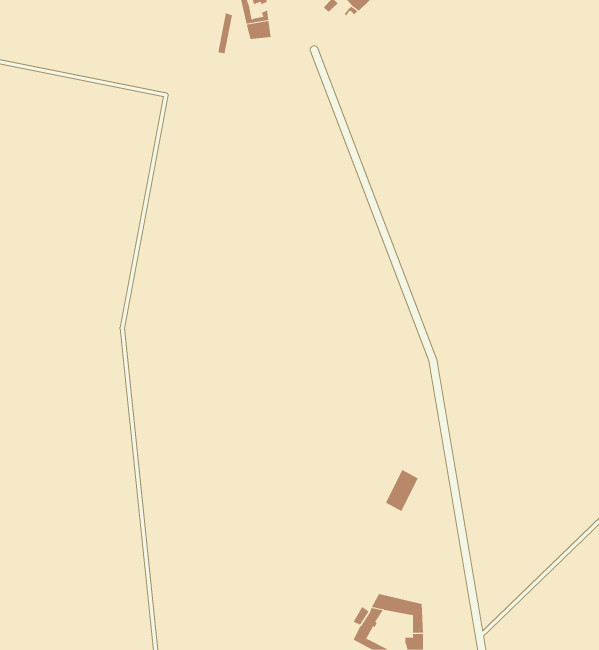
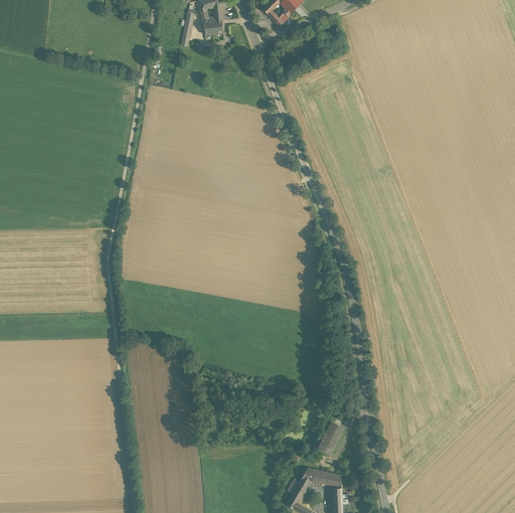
building: [385,469,419,512] -> [317,421,343,455]

